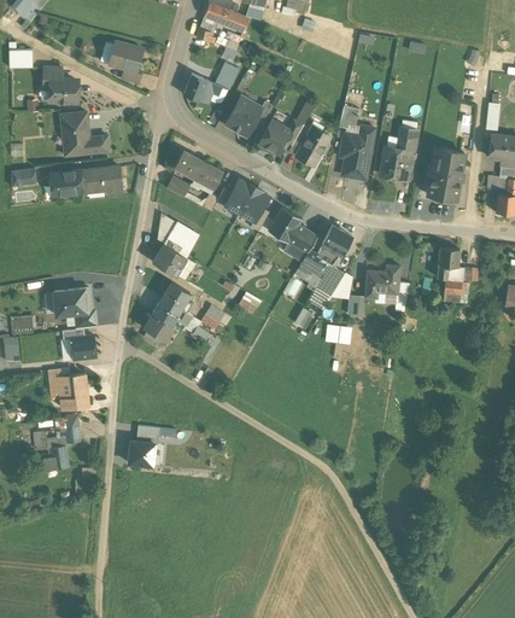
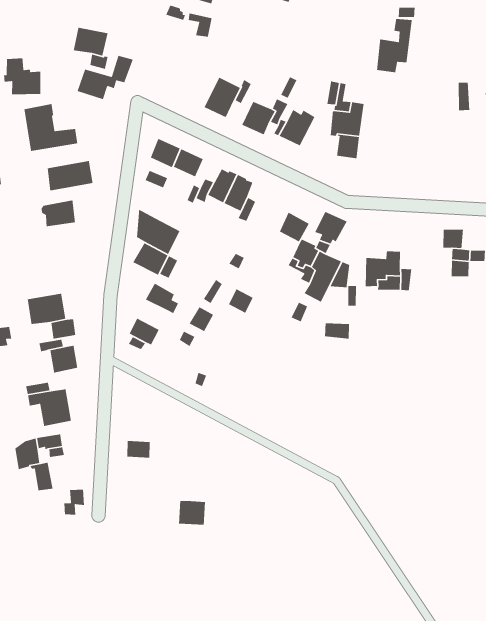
building: [183,63,238,104] -> [77,55,134,100]
building: [381,128,417,179] -> [376,18,413,73]
building: [426,147,463,199] -> none
building: [48,170,80,194] -> [41,199,76,227]
building: [268,206,302,241] -> none
building: [153,297,191,326] -> none
building: [128,441,154,465] -> [178,500,206,525]

